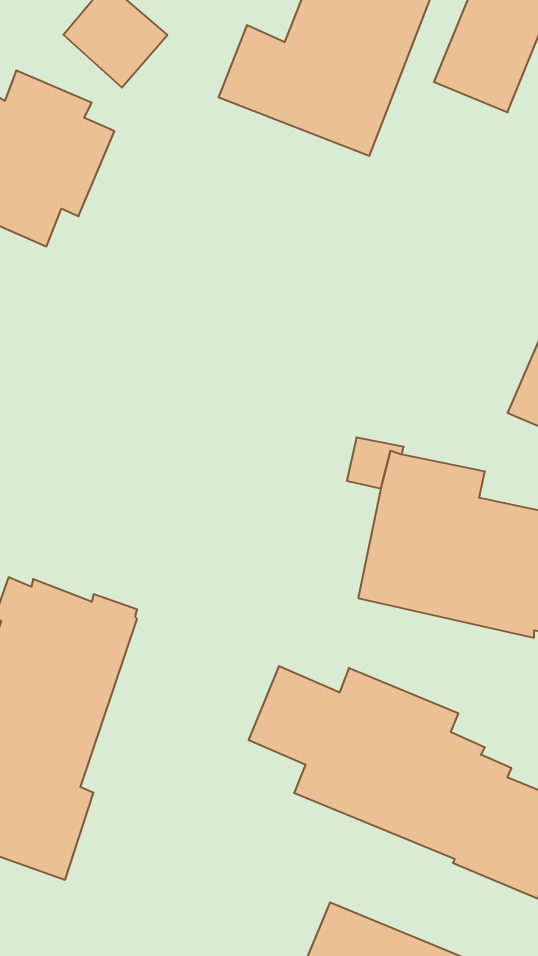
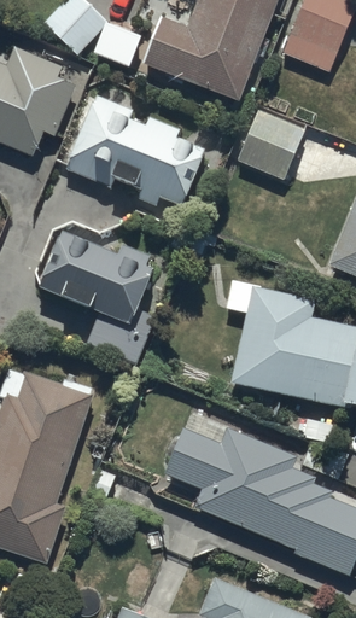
building: none -> [65,93,208,206]
building: none -> [238,110,305,179]
building: none -> [39,234,154,366]

